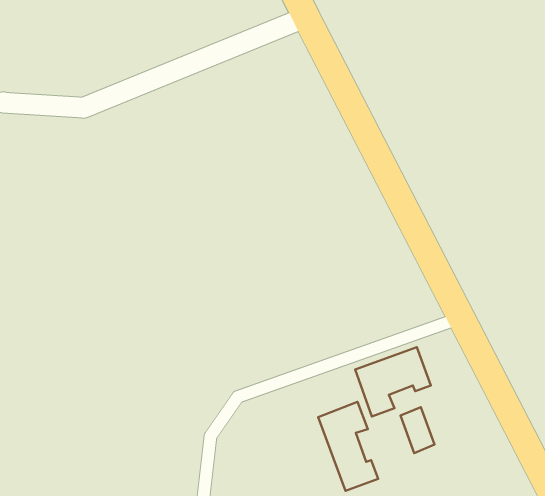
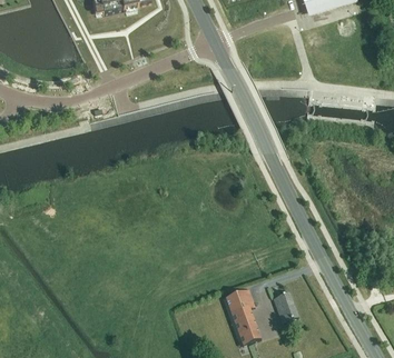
building: [355,347,431,416] -> none

